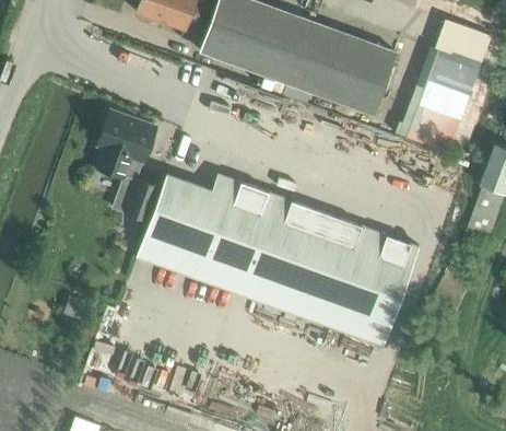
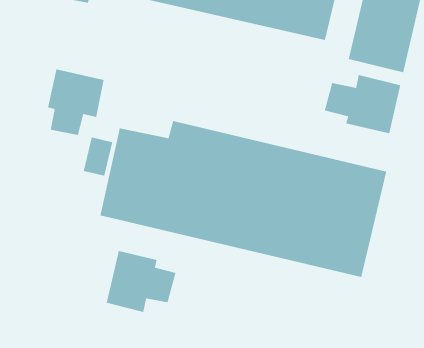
building: none -> [324,74,401,134]
building: none -> [106,250,176,313]

